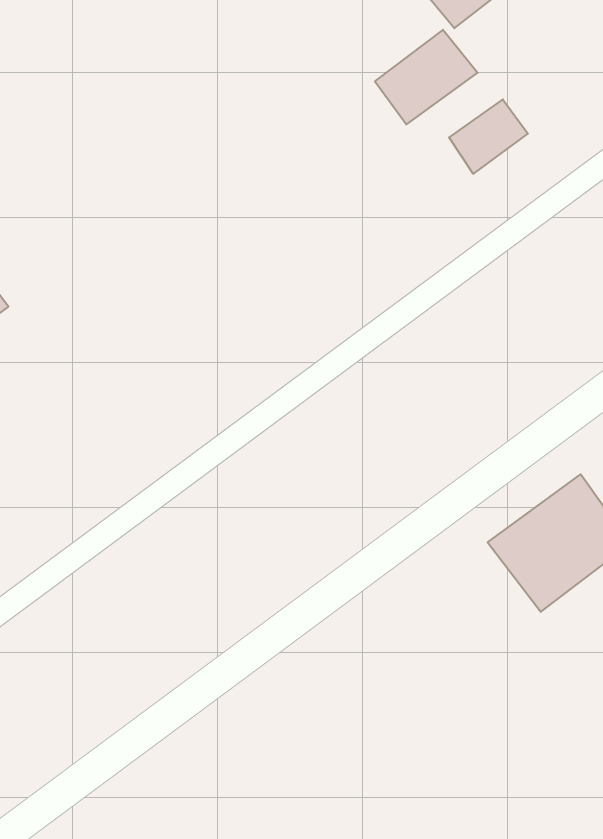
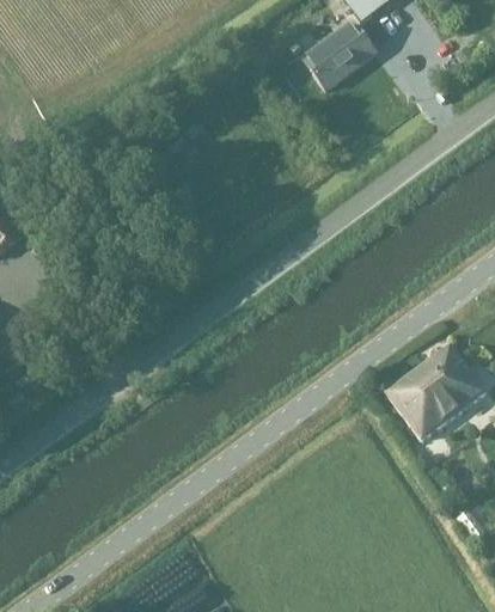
building: [449,99,528,174] -> none

